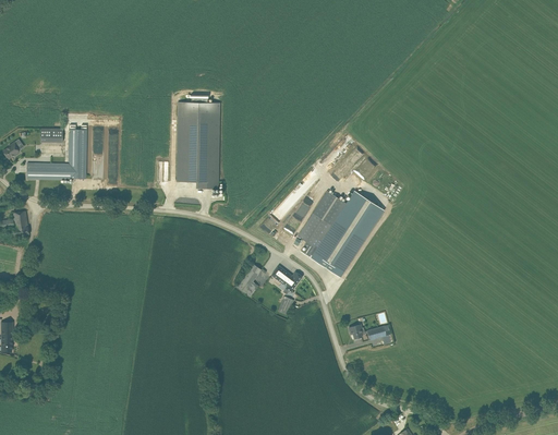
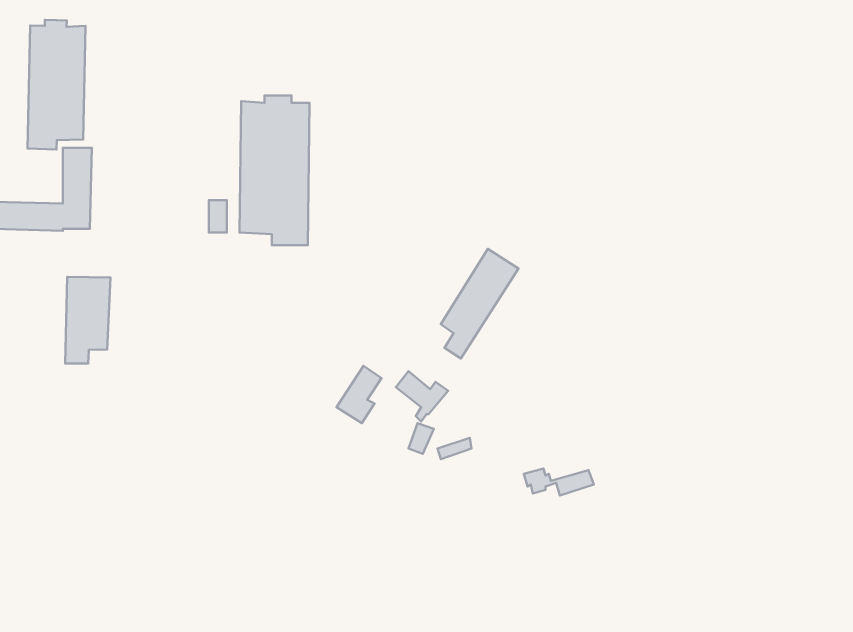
building: none -> [27,20,86,149]
building: [312,191,384,276] -> none
building: none -> [65,277,110,364]

